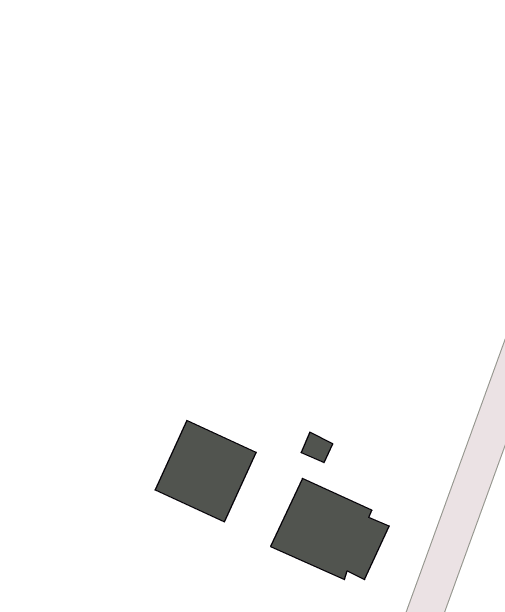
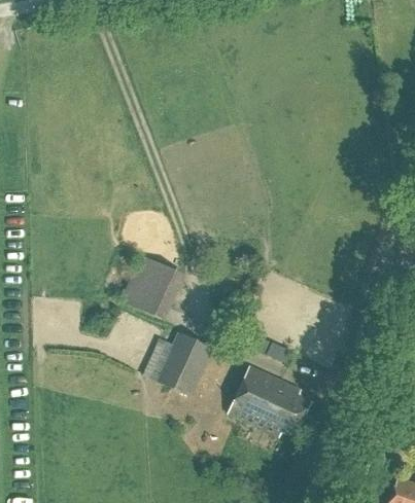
building: none -> [120,254,185,320]

